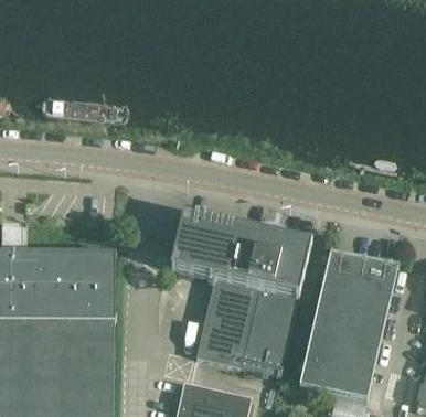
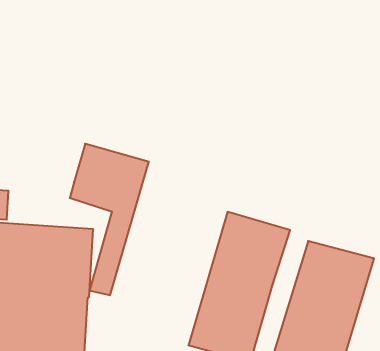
building: [171,212,248,362] -> [70,144,149,295]

